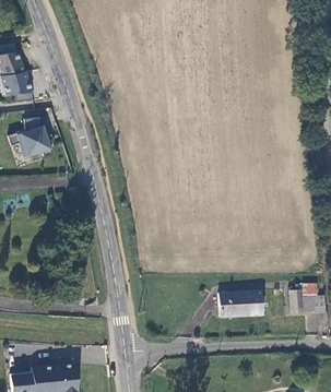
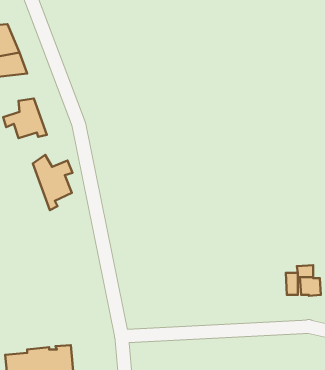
building: none -> [33,155,72,210]
building: [220,292,262,316] -> none

